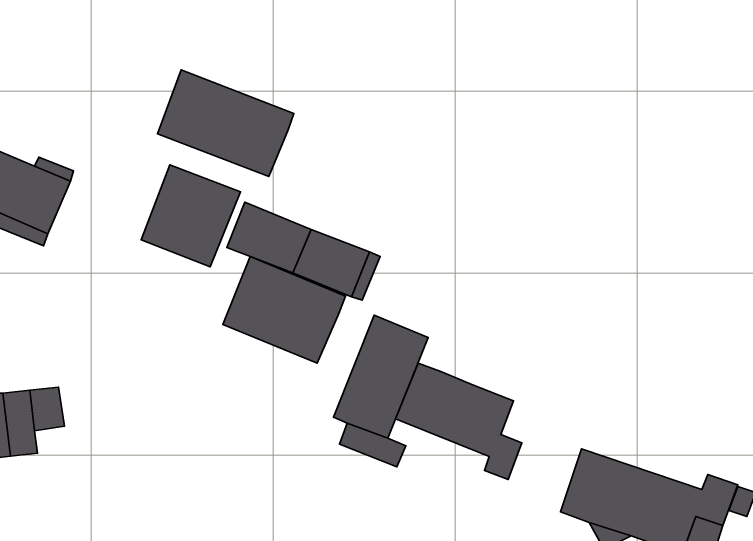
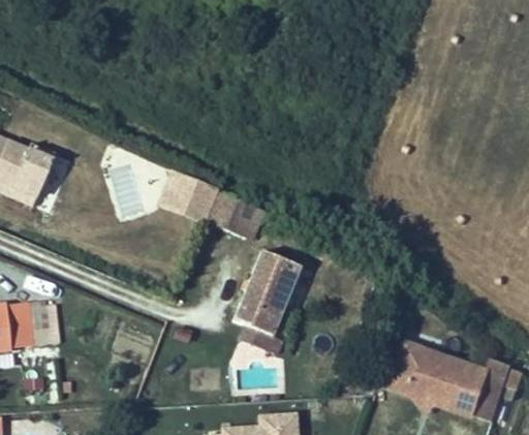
building: [158,70,294,176] -> none
building: [223,256,346,363] -> none
building: [396,363,522,480] -> none

